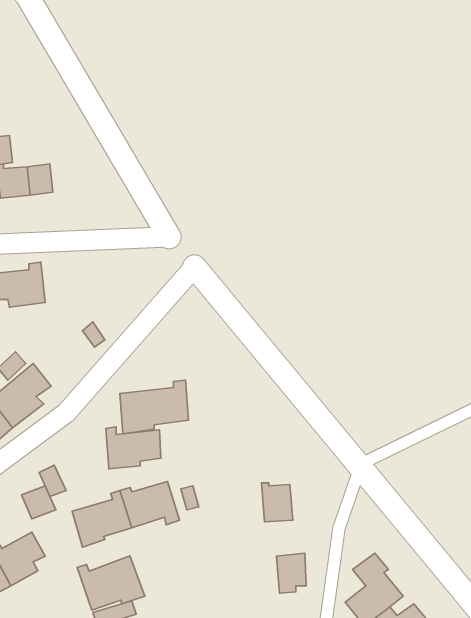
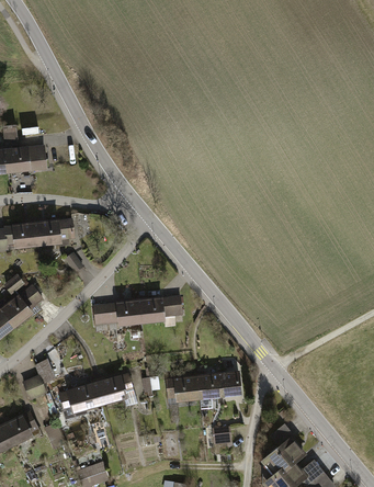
building: none -> [36,209,73,240]
building: [106,427,161,469] -> [143,296,183,327]
building: none -> [219,372,241,400]
building: none -> [166,373,201,407]
building: [77,556,145,610] -> none

